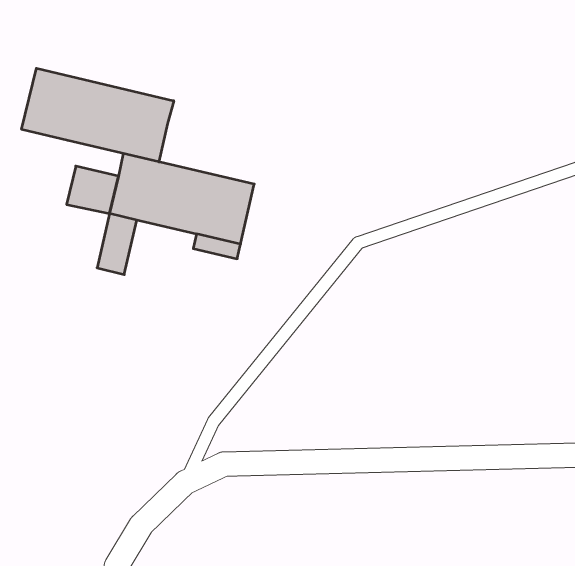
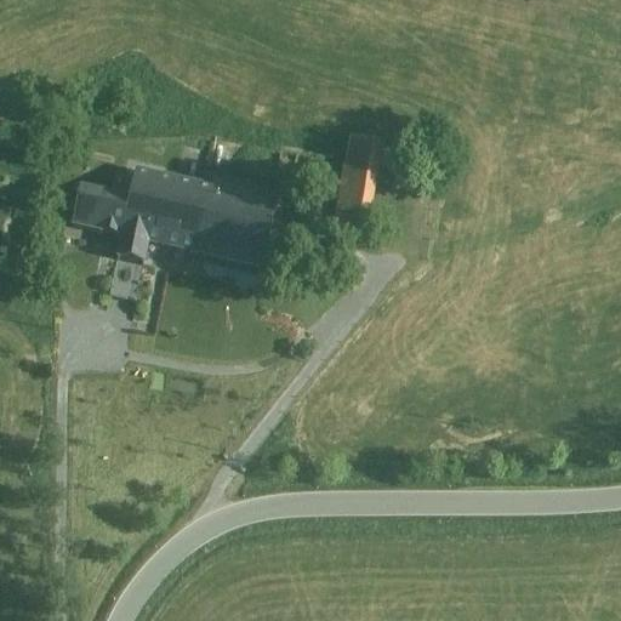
building: [22,68,174,162] -> none
building: none -> [341,130,384,199]

